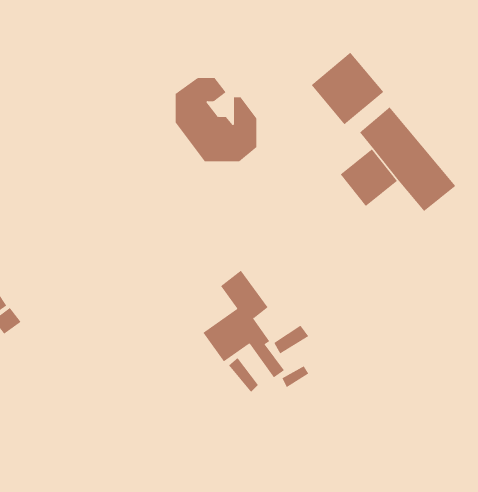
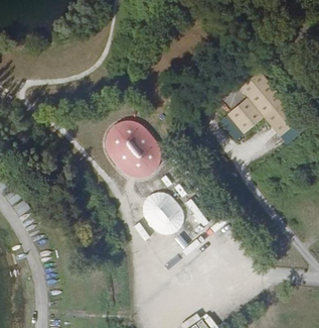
building: [311,52,384,125] -> none
building: [175,78,257,162] -> [106,121,157,174]

